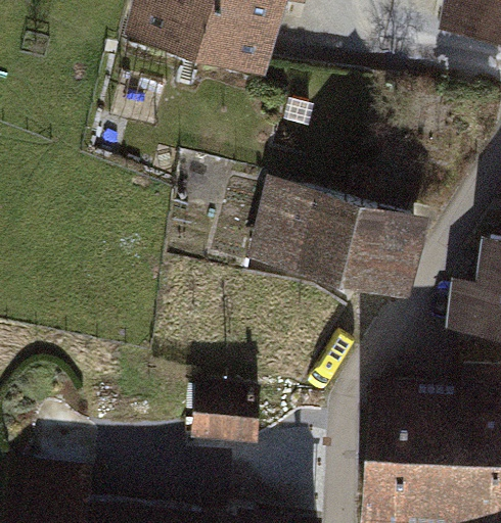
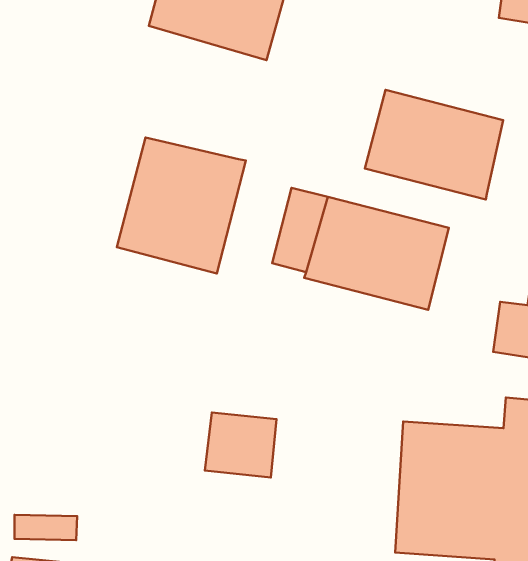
building: none -> [365,90,503,200]
building: none -> [117,137,246,274]

